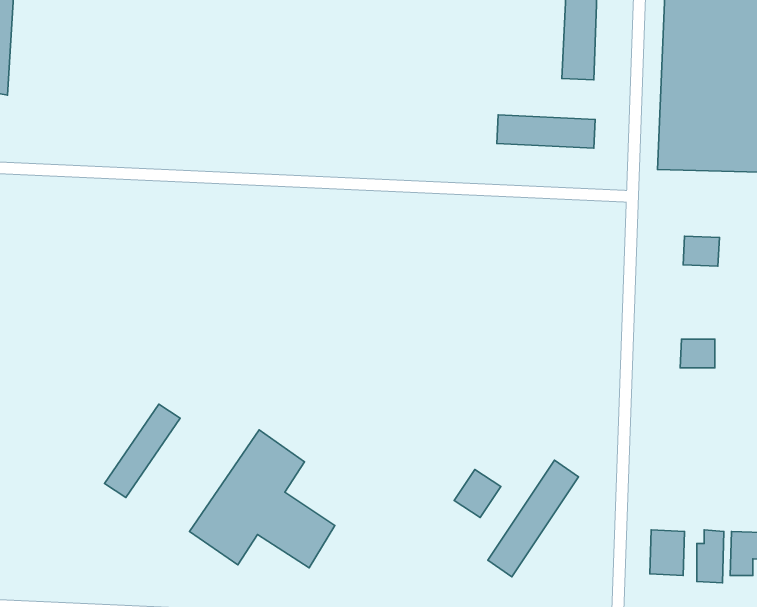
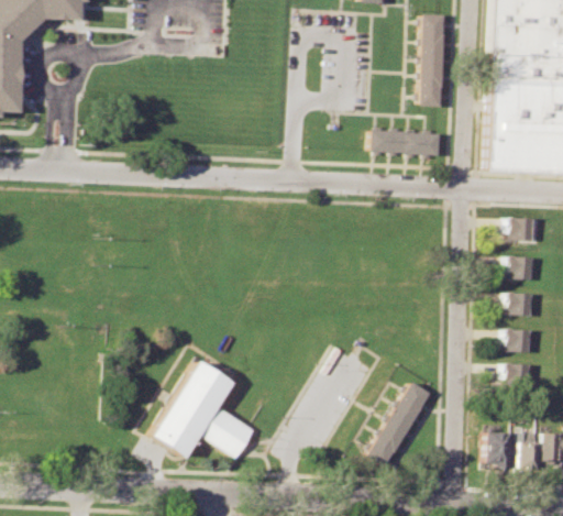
building: none -> [504,257,531,279]
building: none -> [503,330,529,352]
building: [105,404,180,498] -> none
building: none -> [503,364,528,386]
building: [454,469,501,518] -> none

